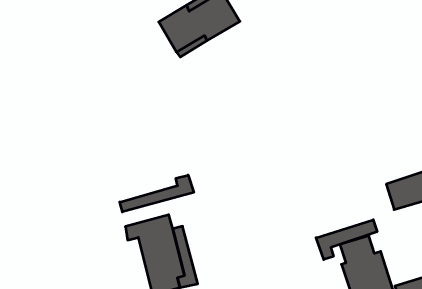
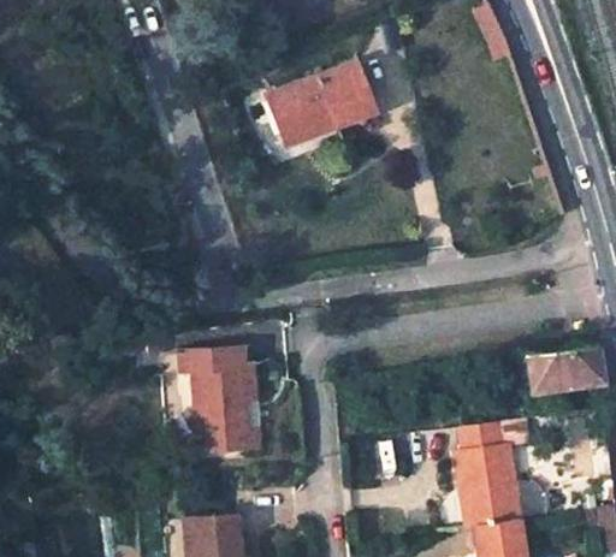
building: [120,175,194,212] -> none
building: [316,220,377,260] -> none

